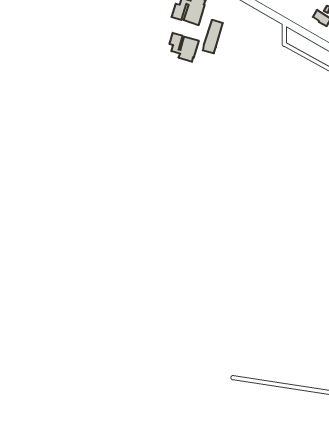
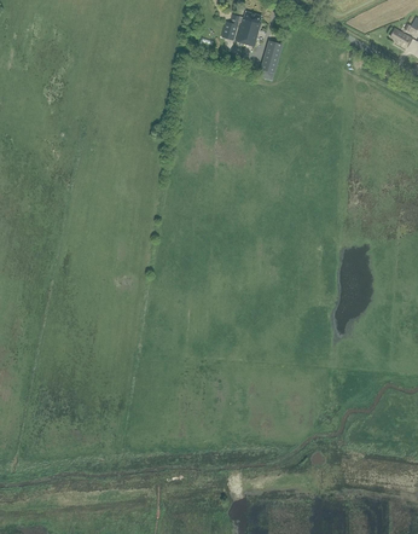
building: [169,33,199,62] -> none

